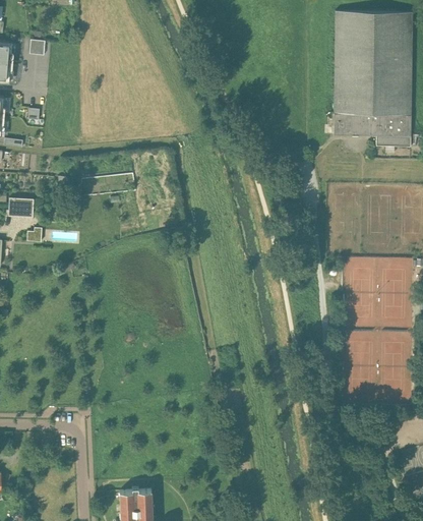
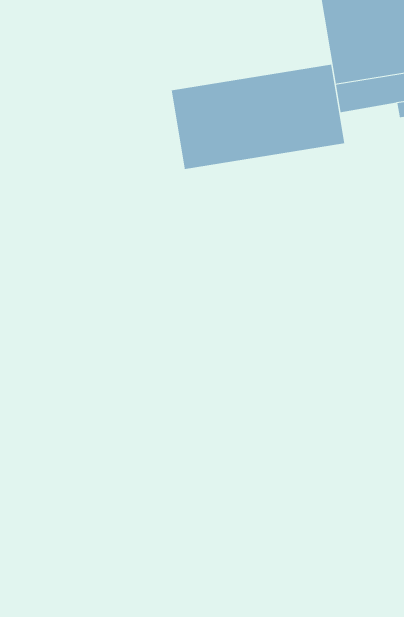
building: none -> [171,64,345,170]

